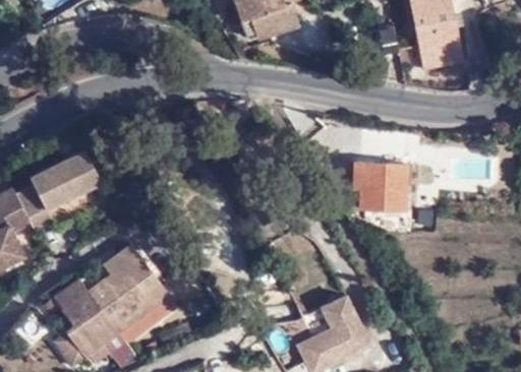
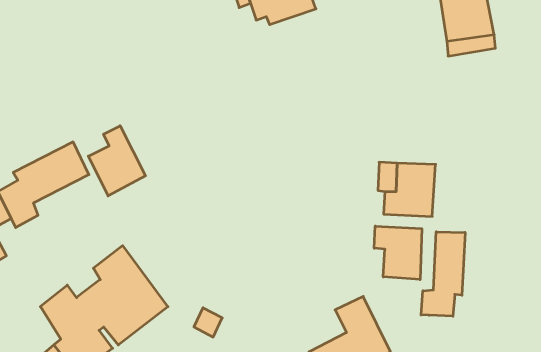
building: none -> [88,126,145,196]
building: none -> [374,226,422,280]
building: none -> [421,232,465,316]

